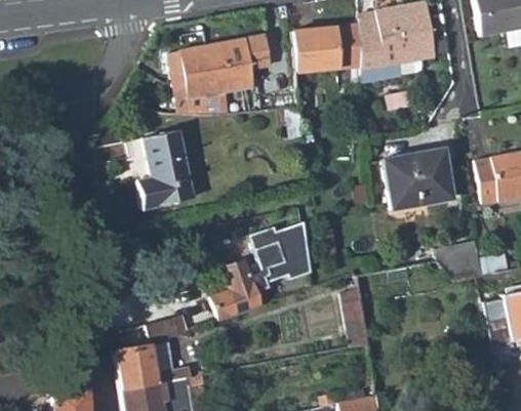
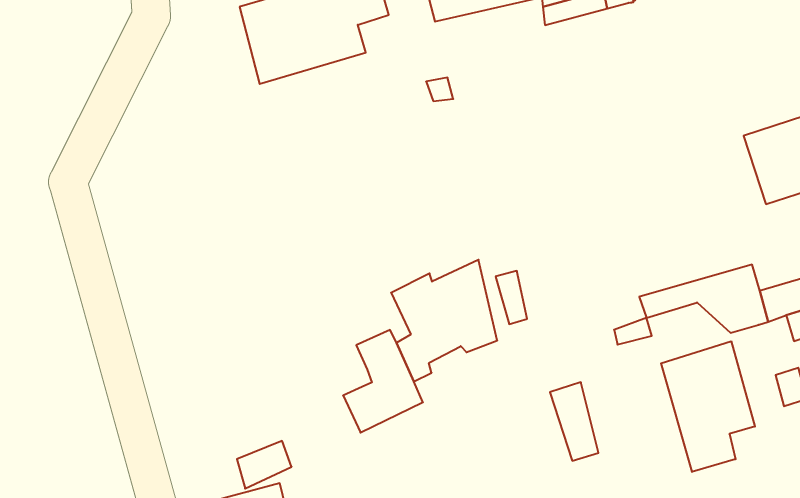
building: [128,133,192,210] -> none
building: [383,149,451,210] -> none
building: none -> [661,341,755,472]

